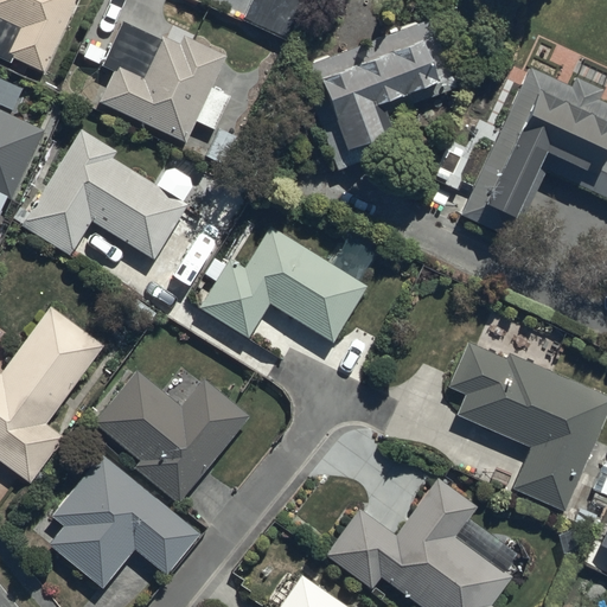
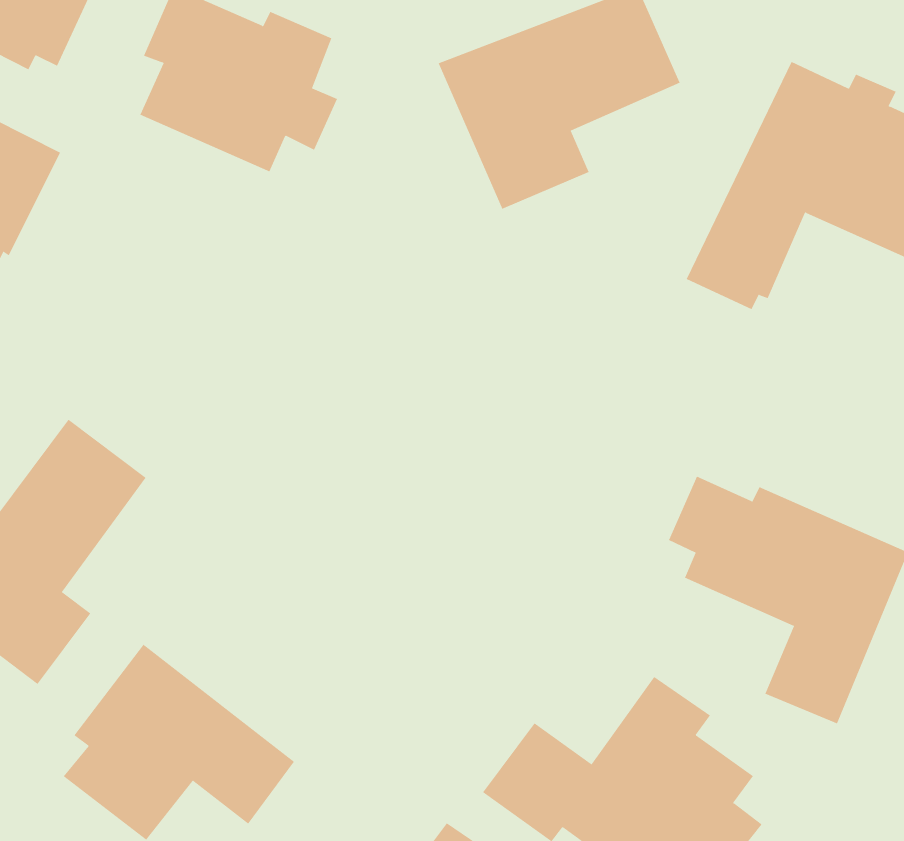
building: [20,129,194,258] -> none
building: [199,224,376,343] -> none
building: [92,369,250,504] -> none

